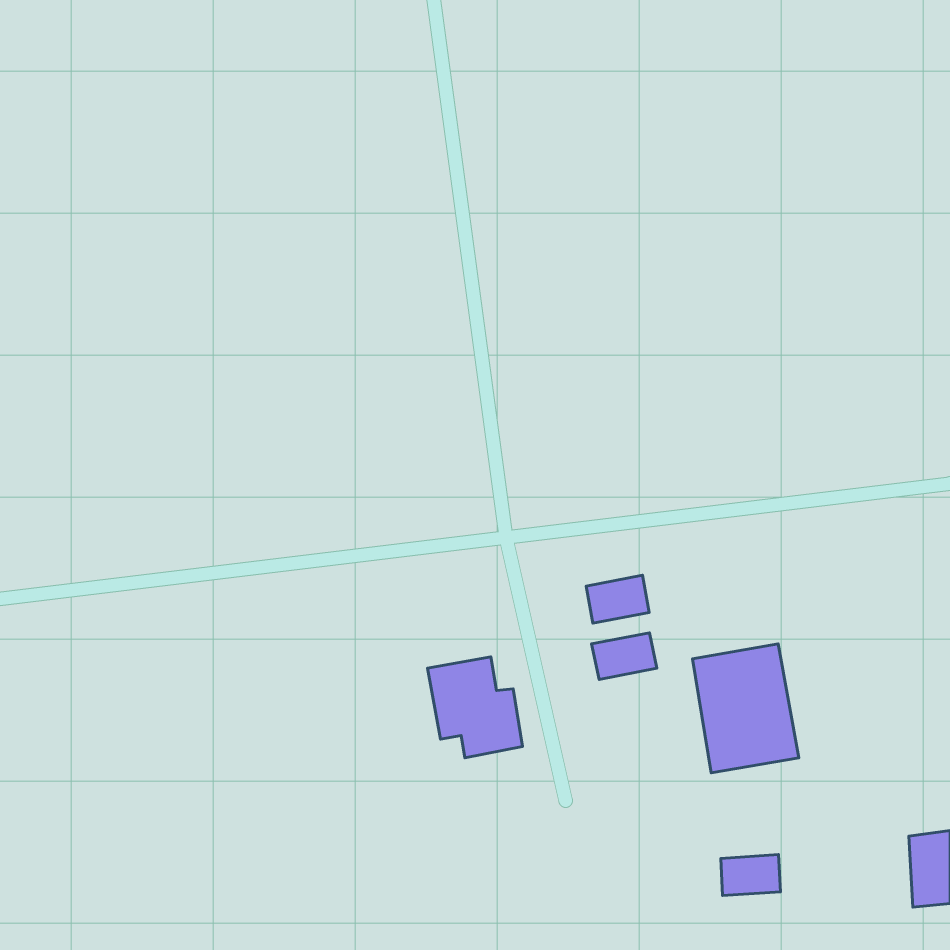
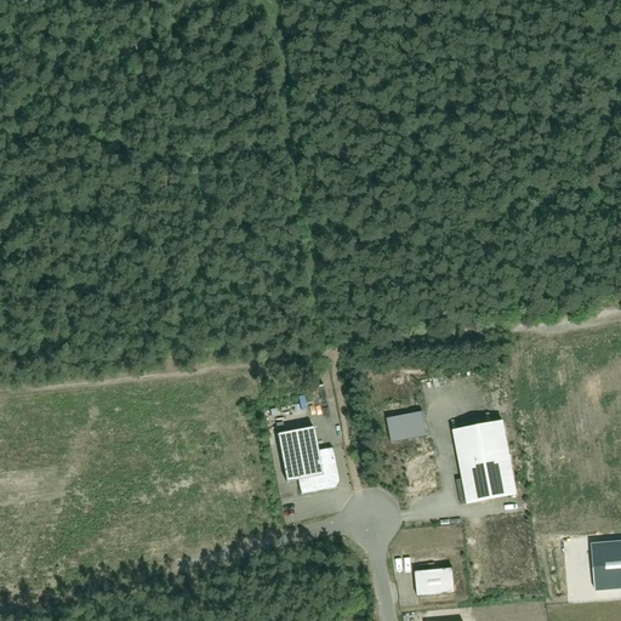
building: [586,575,649,623] -> none
building: [721,855,780,896] -> [415,566,454,593]

